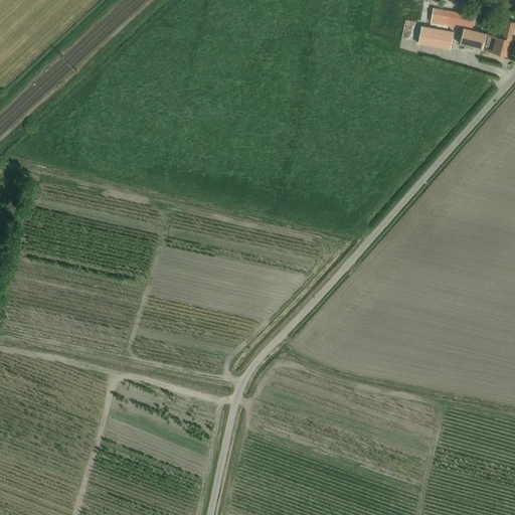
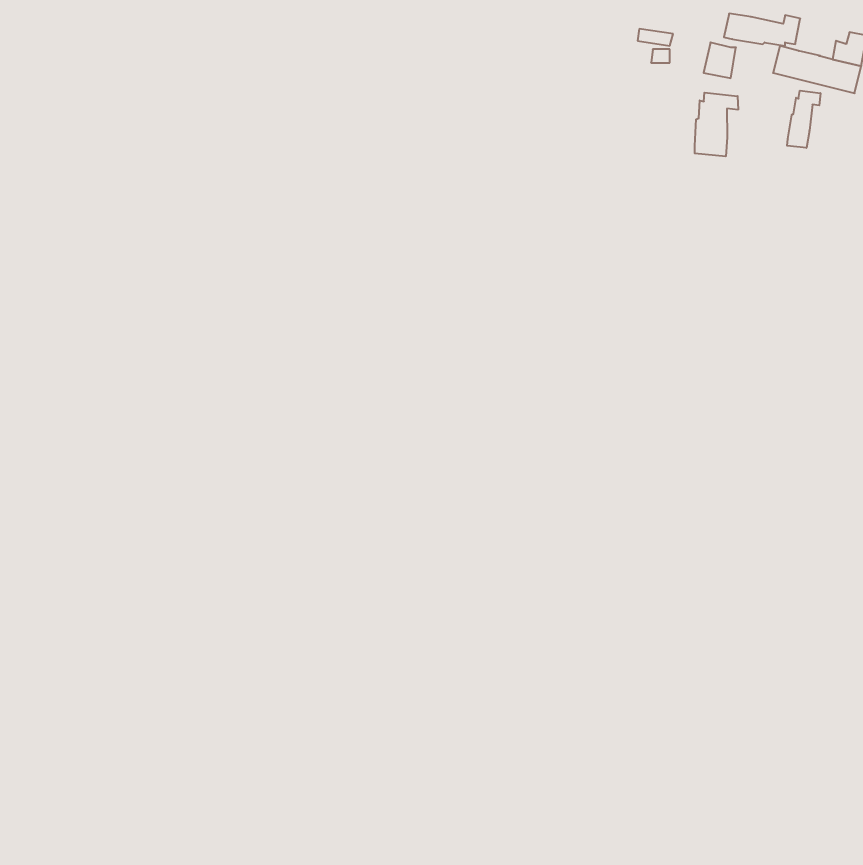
building: none -> [787,91,820,148]
building: none -> [695,93,738,156]

